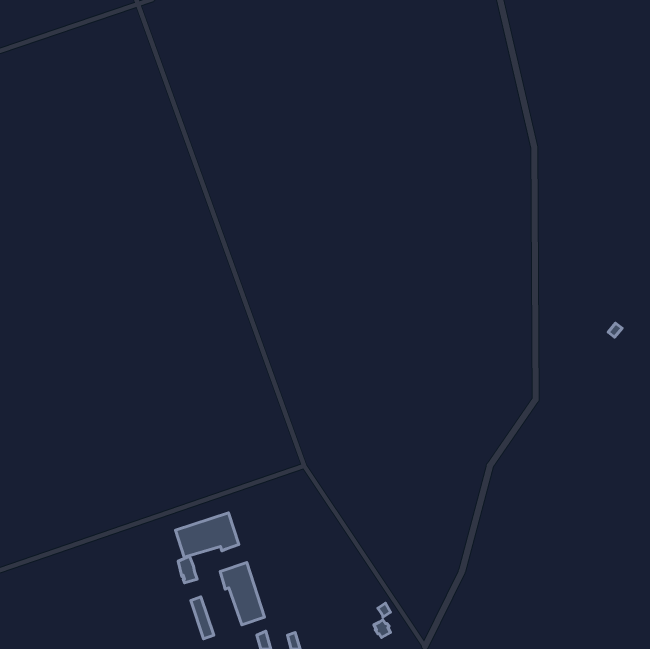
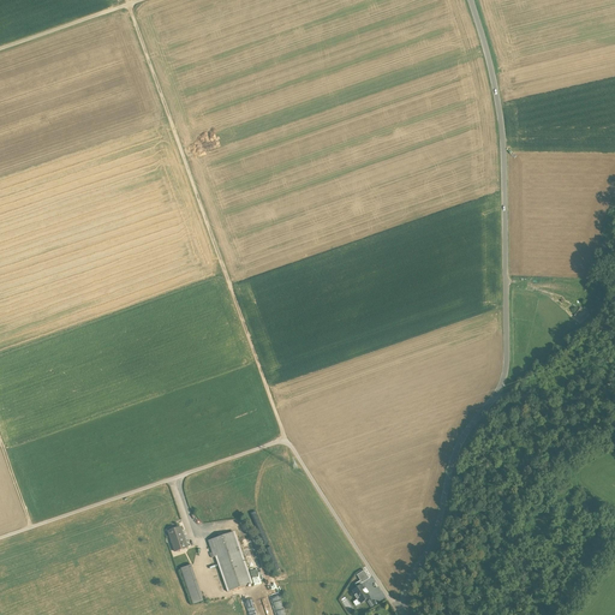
building: [176,513,239,557] -> none

